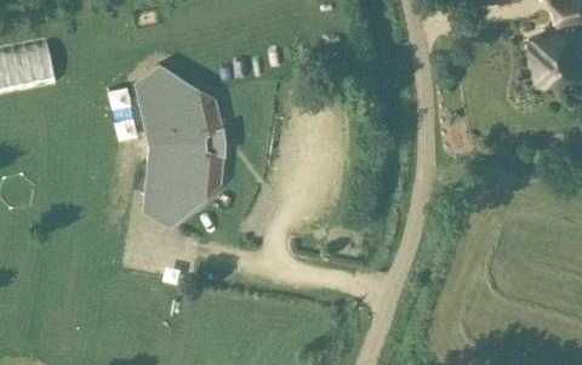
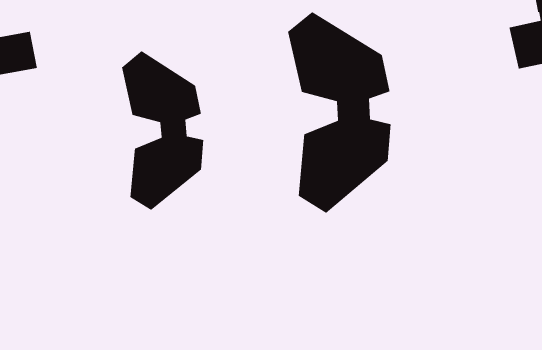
building: none -> [287,11,391,214]

